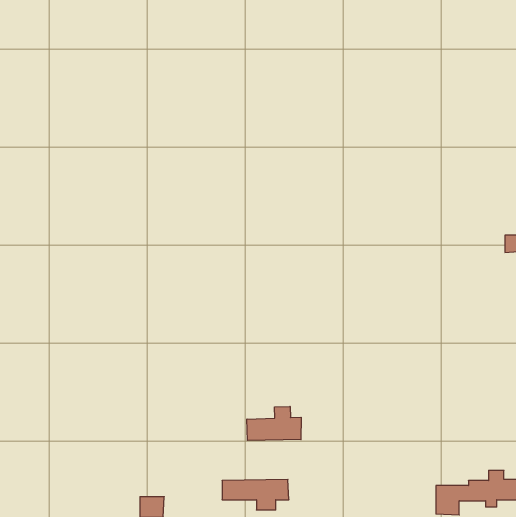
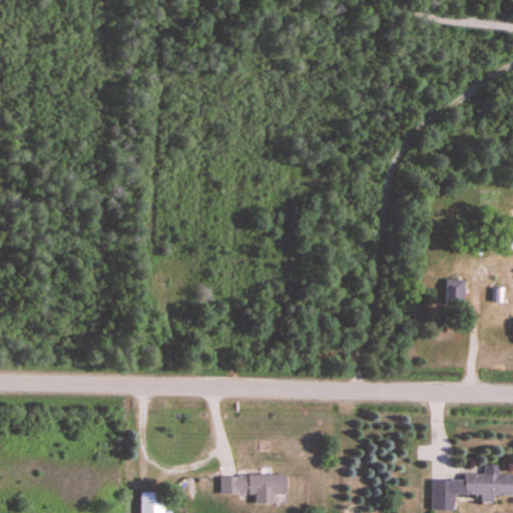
building: none -> [448,281,463,306]
building: [247,406,301,440] -> none

